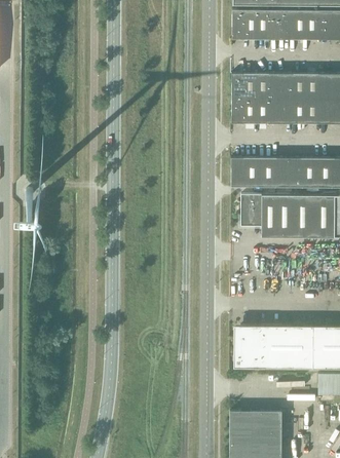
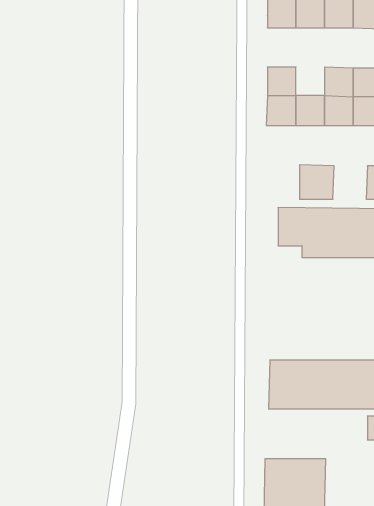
building: [258,73,282,98] -> none
building: [232,157,261,187] -> none
building: [290,158,319,187] -> none

